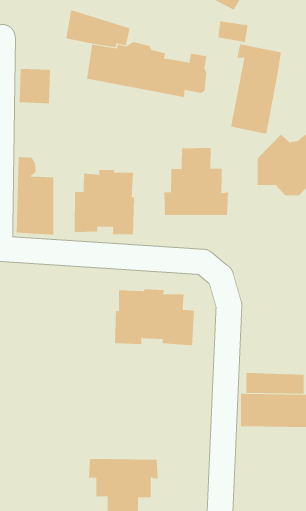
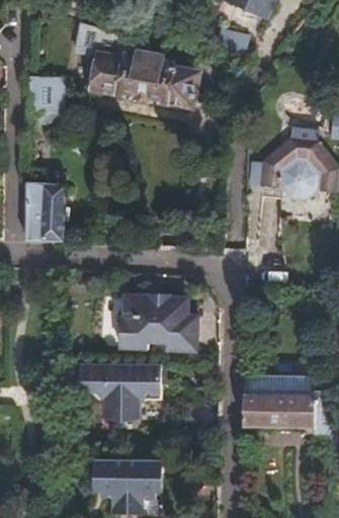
building: [230,43,281,135] -> none
building: [164,147,229,216] -> none
building: [74,169,135,235] -> none
building: none -> [81,364,162,419]

